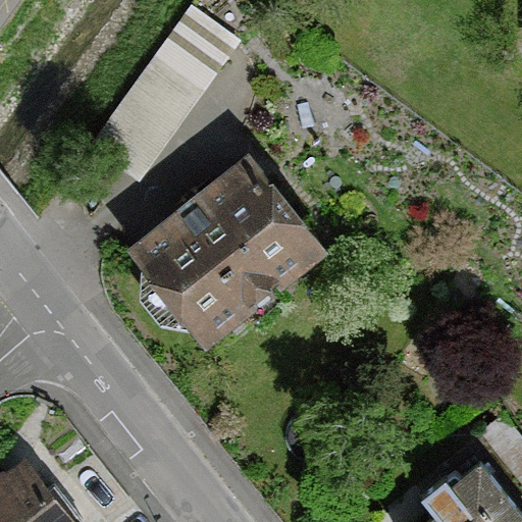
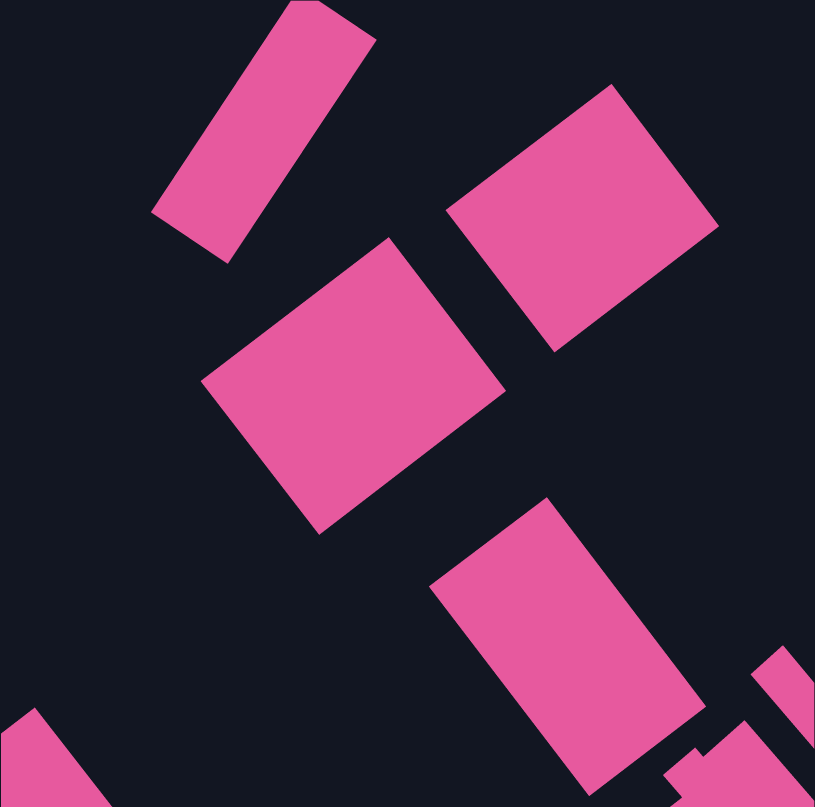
building: none -> [444,83,720,354]
building: none -> [428,496,707,797]

